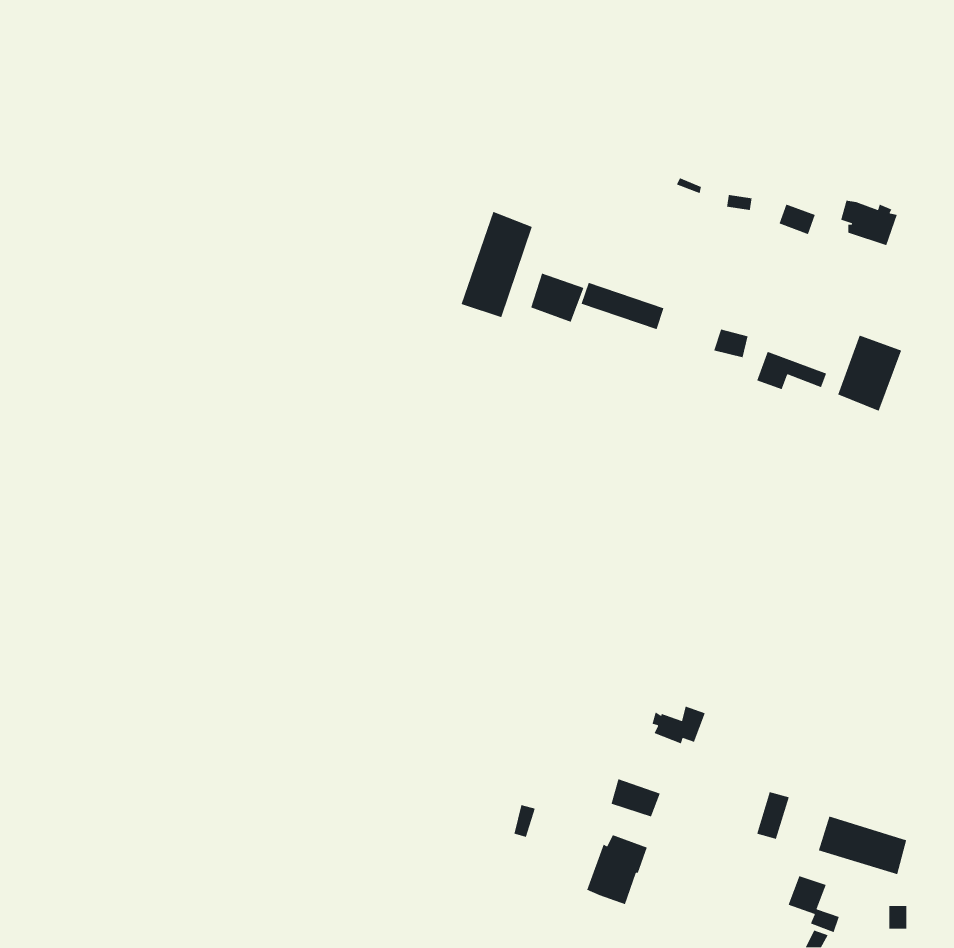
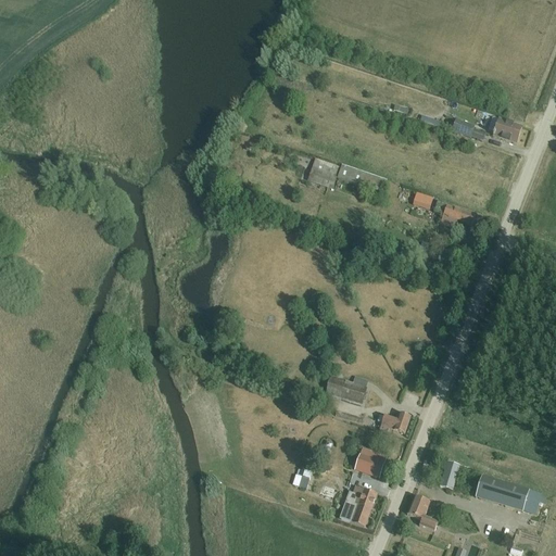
building: [460,211,533,318] -> none
building: [837,335,902,412] -> none
building: none -> [326,375,367,403]
building: [788,875,840,933] -> [407,495,438,529]

